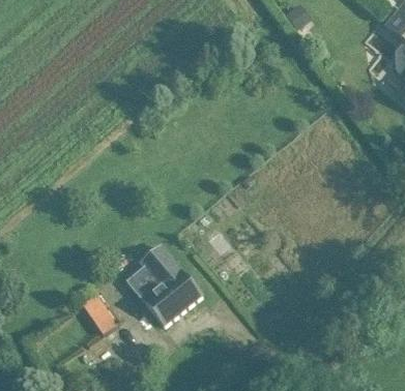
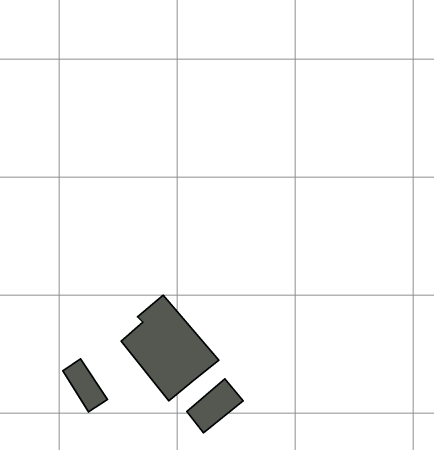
building: none -> [187,379,243,433]

